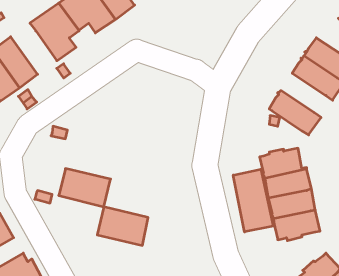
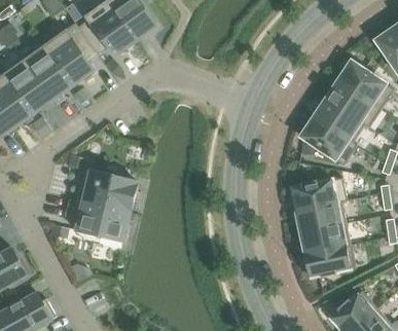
building: none -> [24,45,73,100]
building: none -> [313,99,368,146]
building: [233,169,273,232] -> none
building: [97,207,148,245] -> [82,171,137,212]

